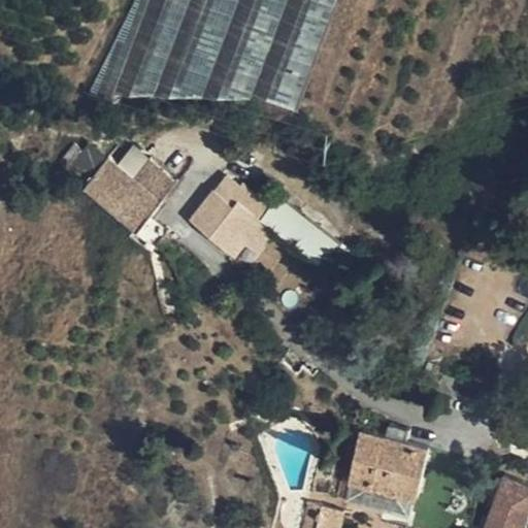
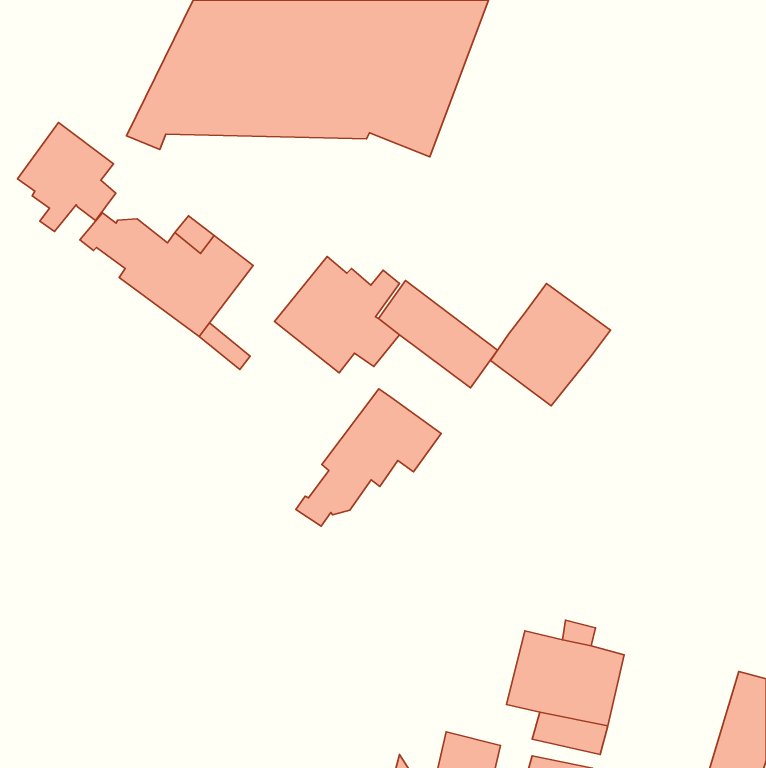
building: none -> [17,123,116,232]
building: none -> [491,284,611,406]
building: none -> [296,389,441,526]

